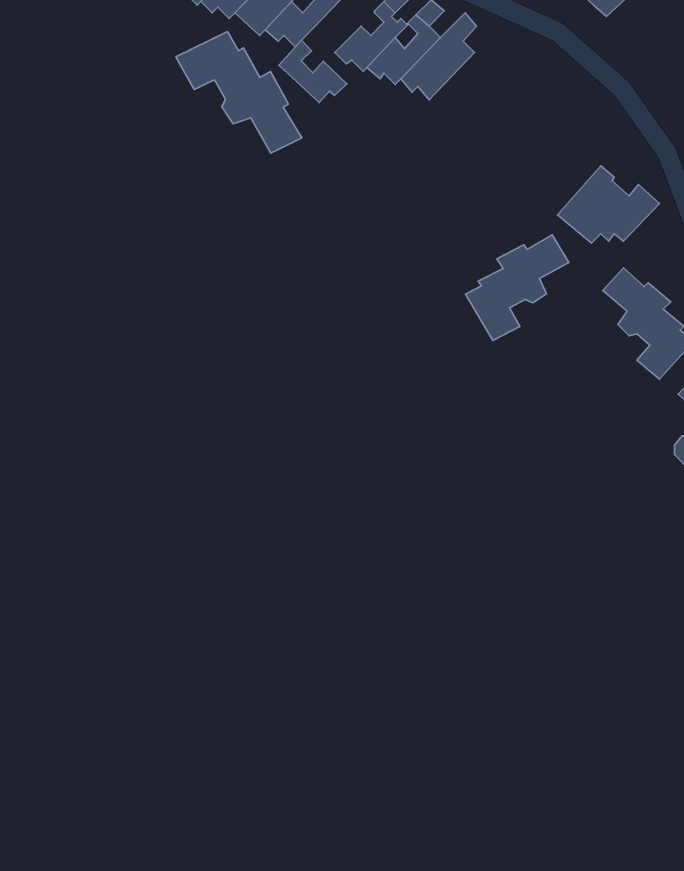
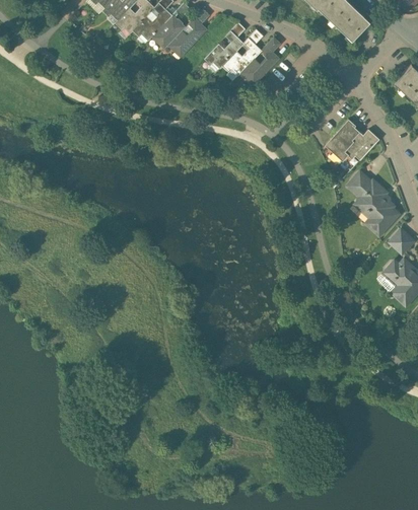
building: [176,32,302,153] -> none
building: [279,40,347,103] -> none
building: [466,235,569,341] -> none

